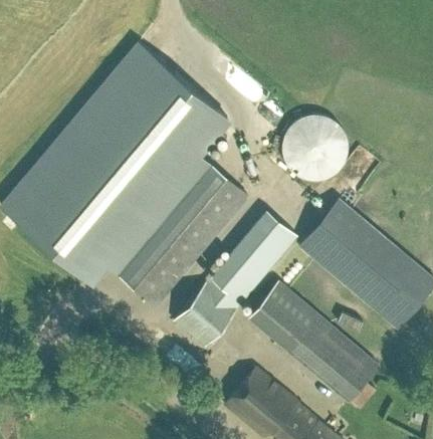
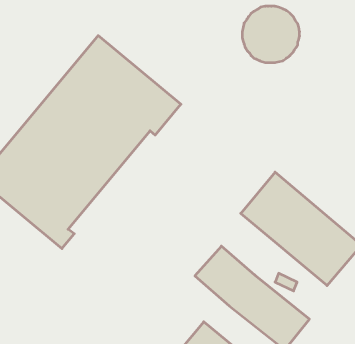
building: [282,115,348,179] -> [242,6,300,63]
building: [102,152,249,307] -> none
building: [173,208,299,348] -> none

